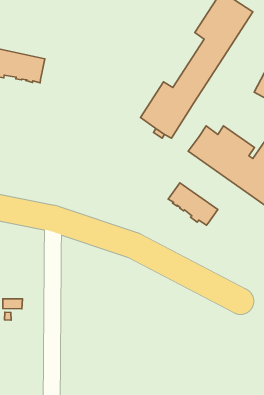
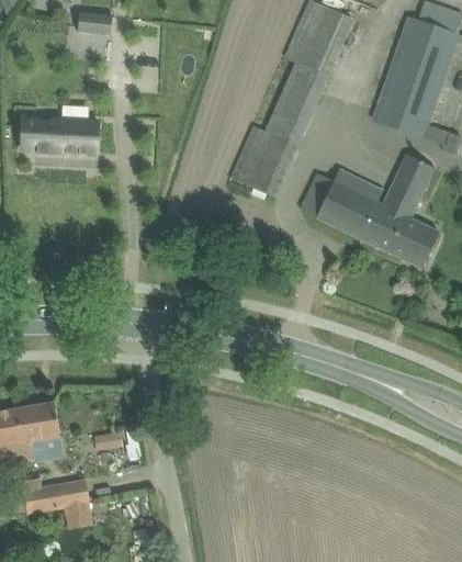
building: [168,183,218,225] -> none

